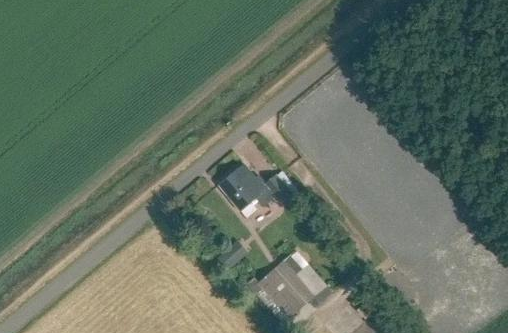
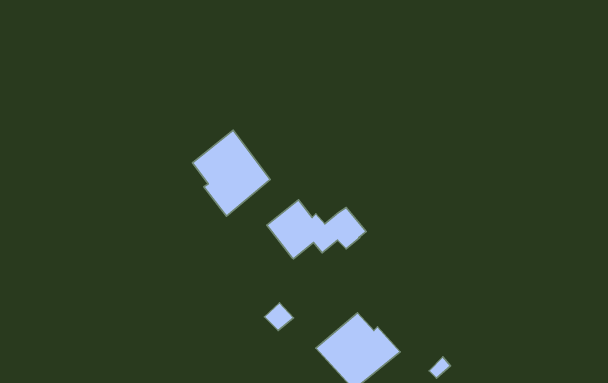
building: none -> [193,130,270,216]

